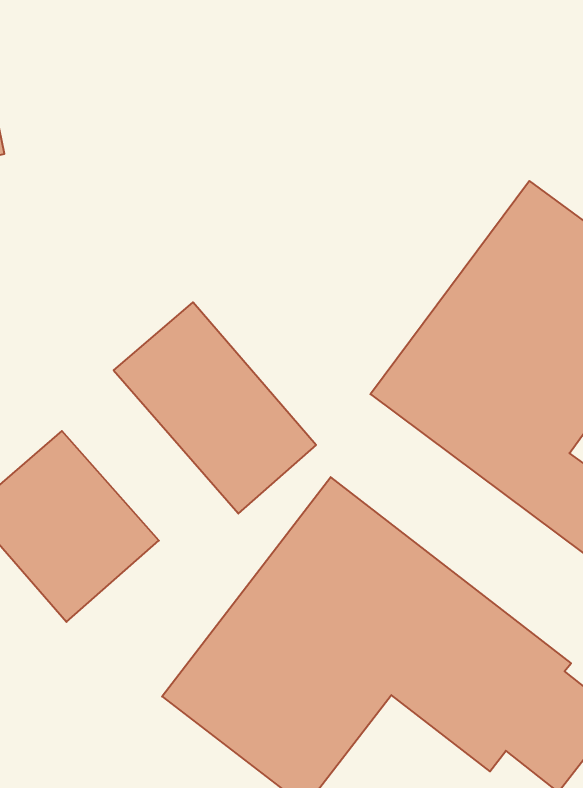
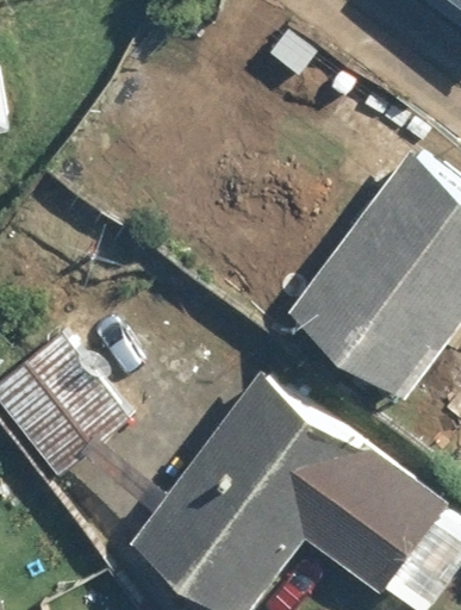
building: [114,302,316,514] -> none

